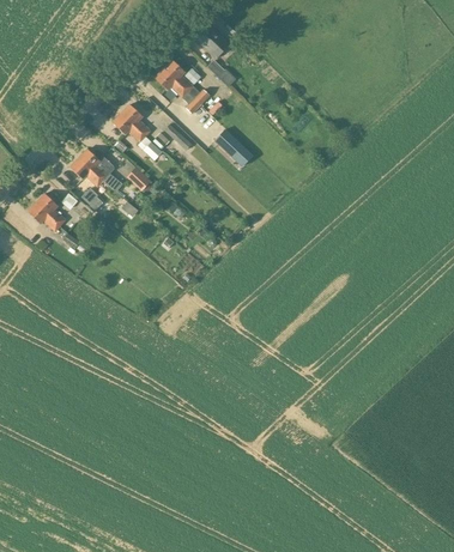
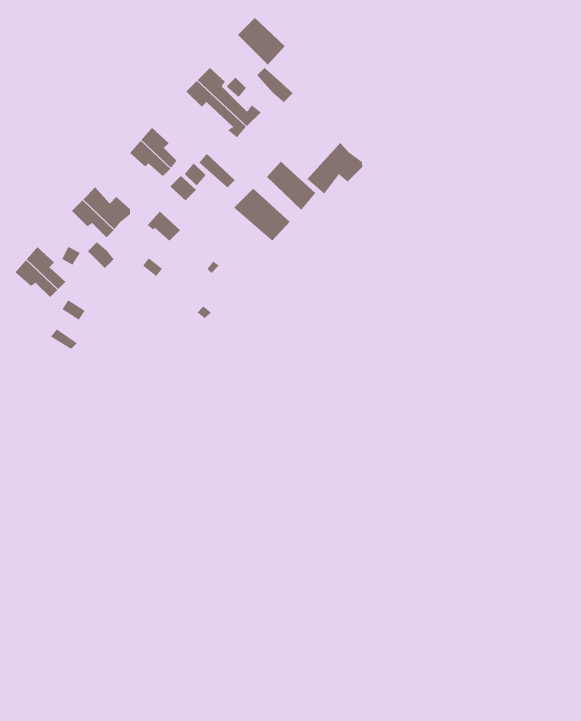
building: none -> [307,142,363,194]
building: none -> [233,188,290,242]

